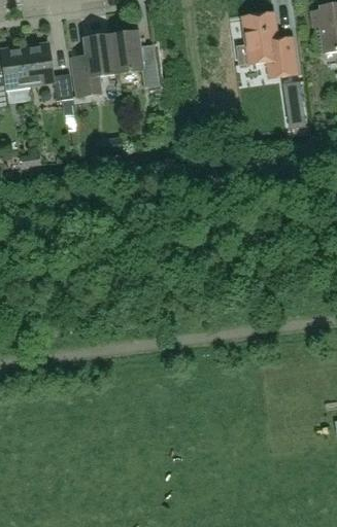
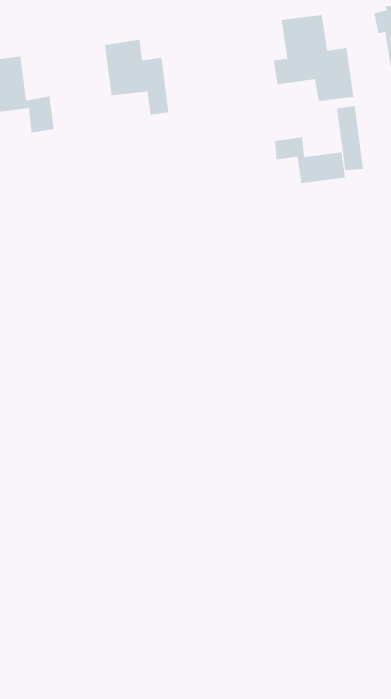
building: [73,34,115,95] -> none
building: none -> [274,137,345,184]

